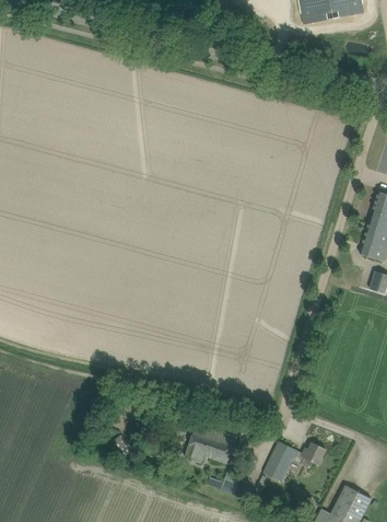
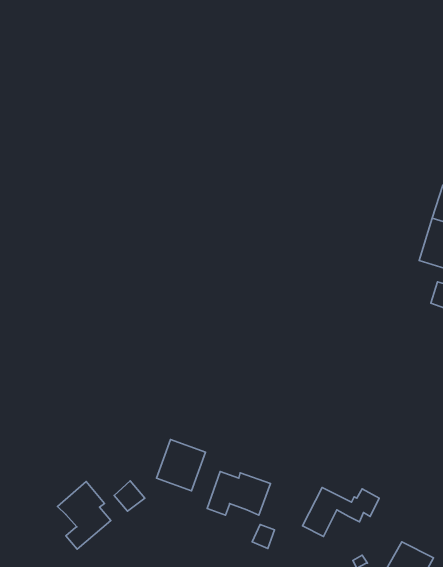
building: none -> [156,440,205,491]
building: none -> [57,481,111,549]

